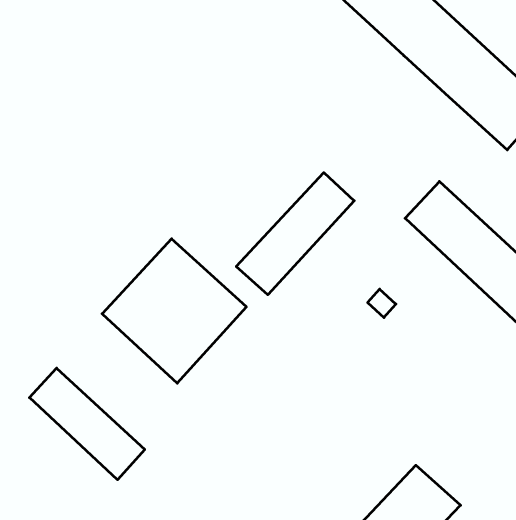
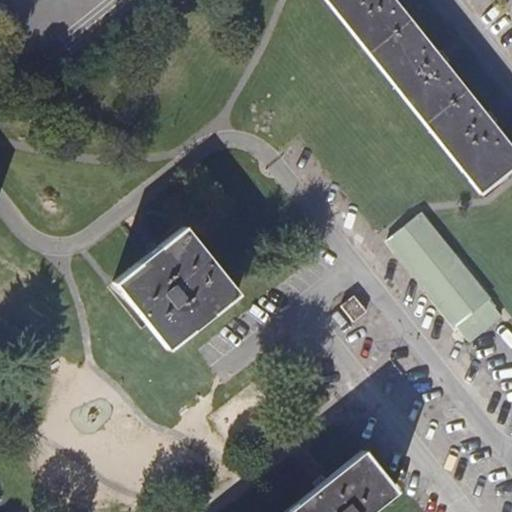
building: [236,173,354,295] -> none
building: [29,368,145,480] -> none

